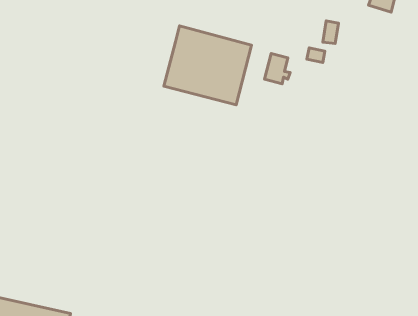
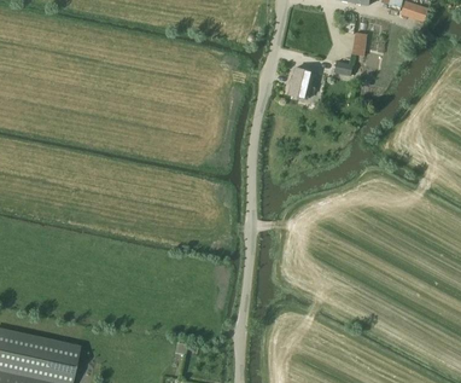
building: [164,26,252,105] -> none

